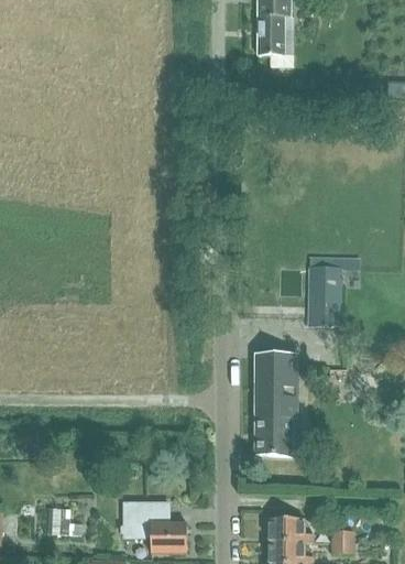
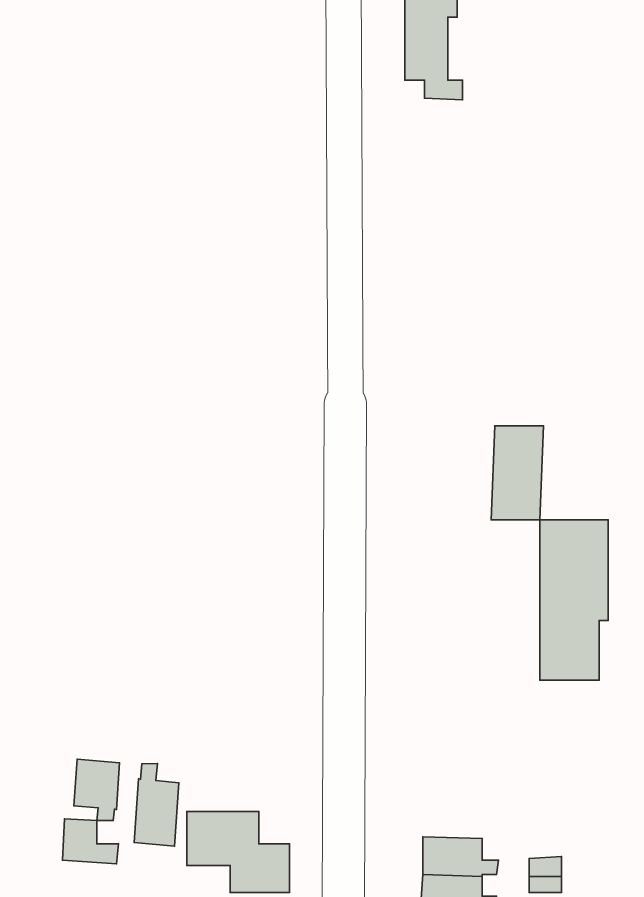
building: [254,355,296,453] -> [540,520,608,680]
building: none -> [74,759,119,821]
building: none -> [134,763,179,846]

